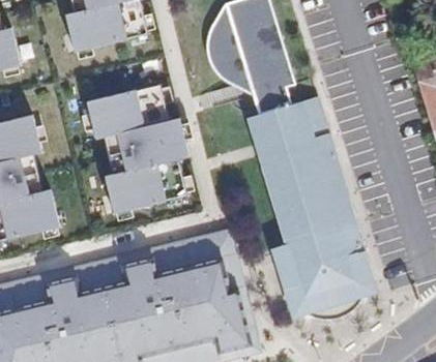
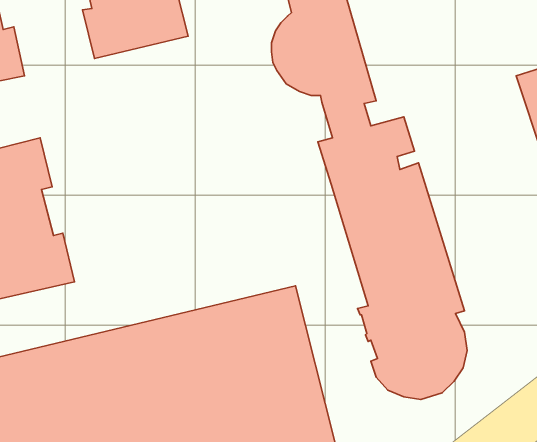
building: [86,84,188,214] -> none

